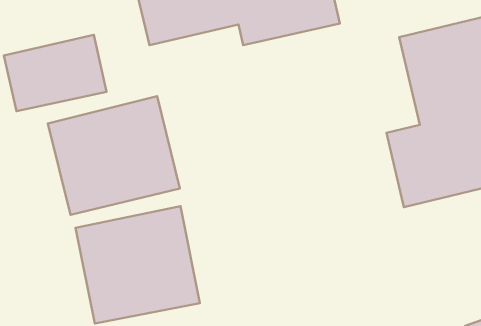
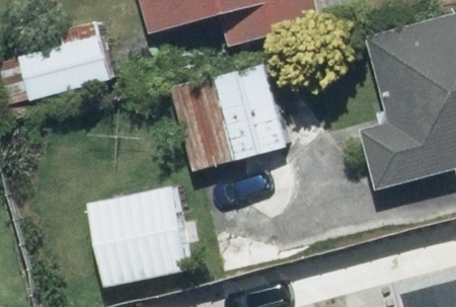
building: [48,96,180,215] -> [171,65,289,170]

